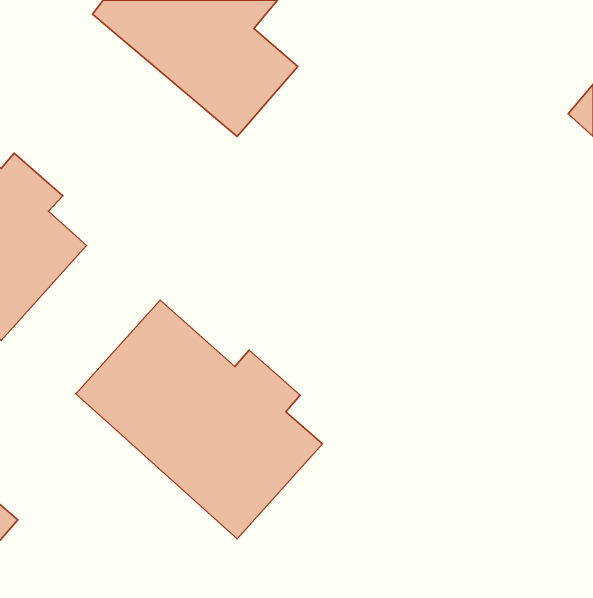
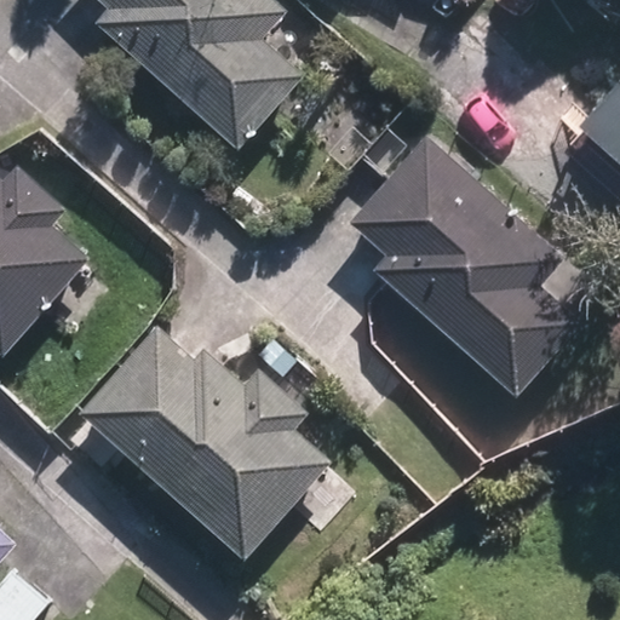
building: none -> [346,134,580,395]

